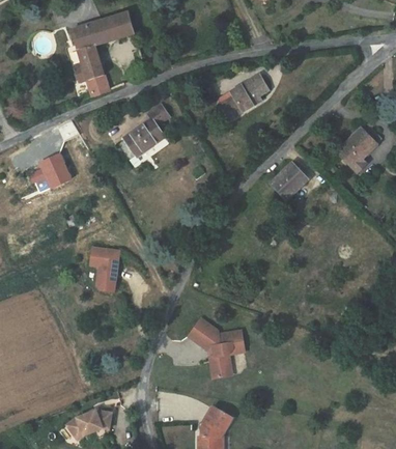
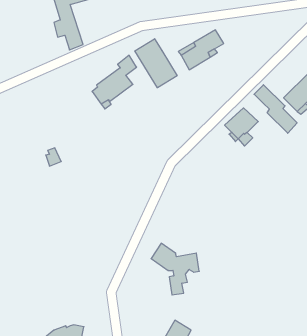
building: none -> [135,39,177,88]
building: none -> [254,85,297,133]
building: [41,153,72,187] -> none
building: [90,248,120,292] -> none

